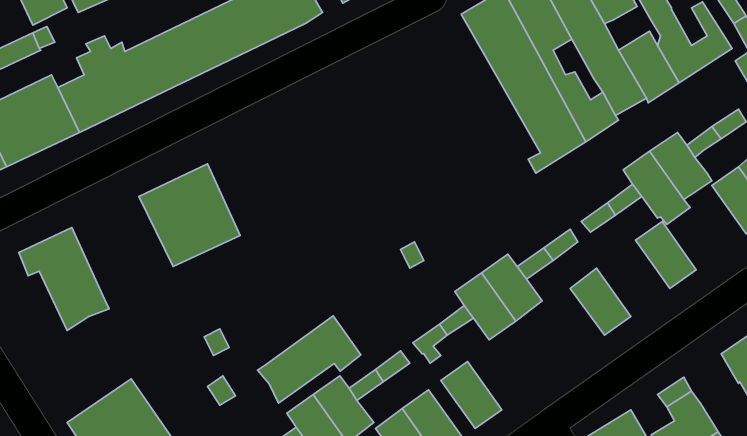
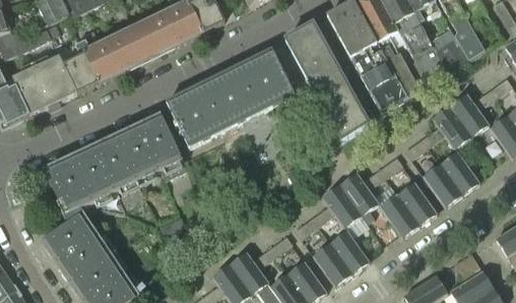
building: none -> [285,22,375,140]
building: none -> [166,48,295,146]
building: none -> [72,134,138,201]
building: none -> [423,163,462,206]
building: none -> [380,194,420,238]
building: [257,316,361,403] -> none
building: none -> [42,213,111,282]
building: none -> [330,230,370,274]

